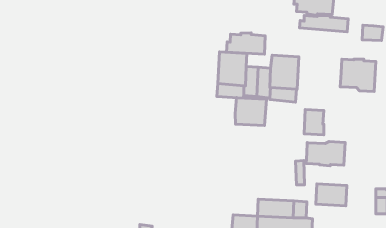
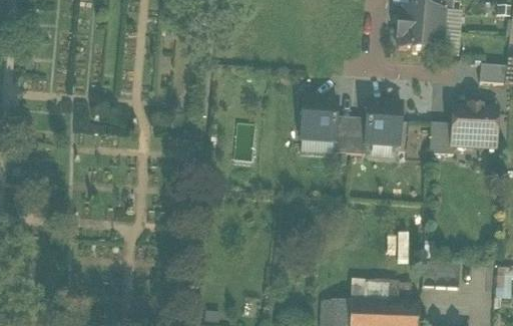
building: [300,15,348,32] -> none
building: [227,33,265,54] -> none
building: [235,98,266,126] -> none
building: [304,110,324,135] -> [430,121,454,152]
building: [306,142,345,166] -> none

